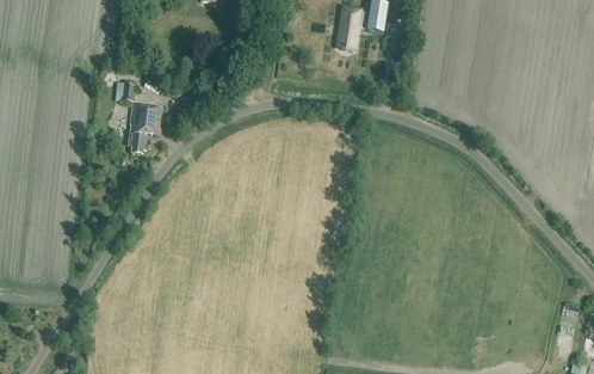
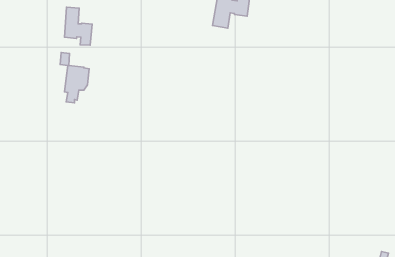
building: none -> [65,7,92,45]

